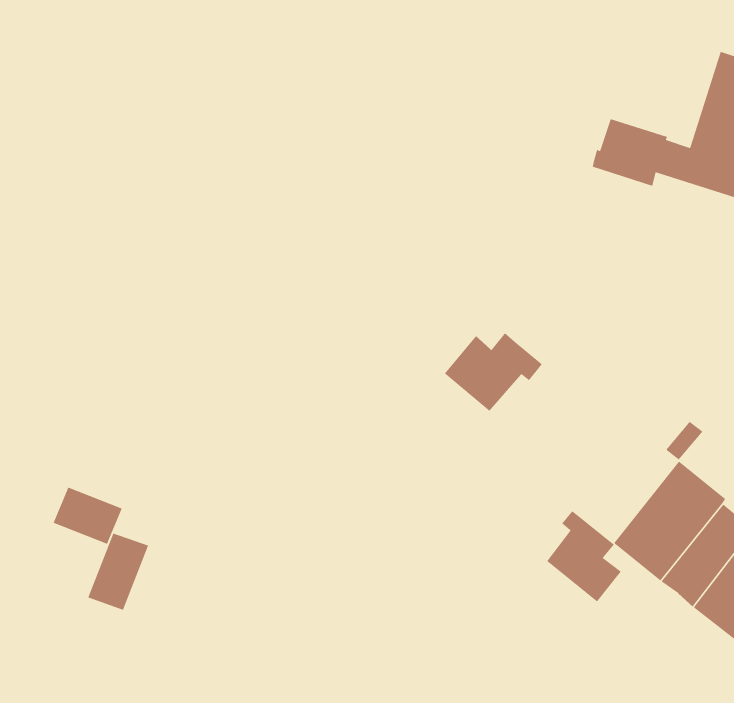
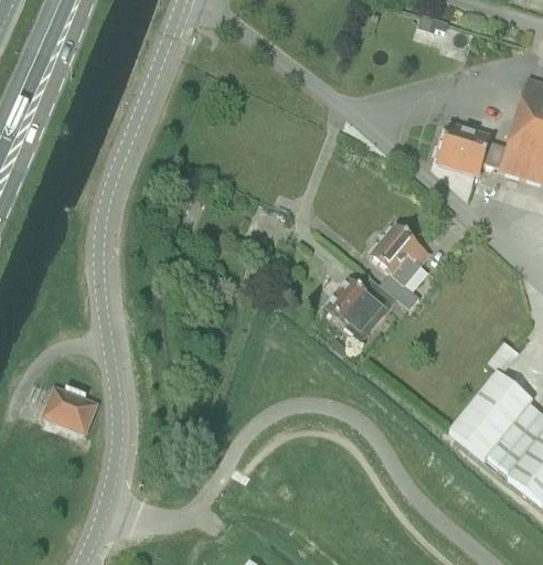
building: none -> [371,226,432,310]
building: [546,510,622,602] -> none
building: [87,532,149,611] -> none

